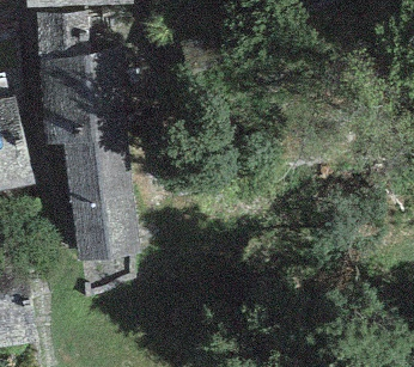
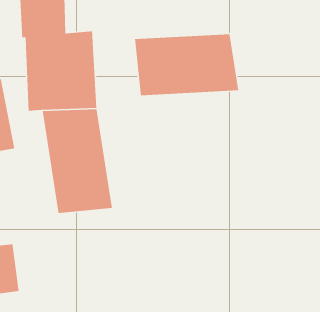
building: none -> [134,34,239,96]

